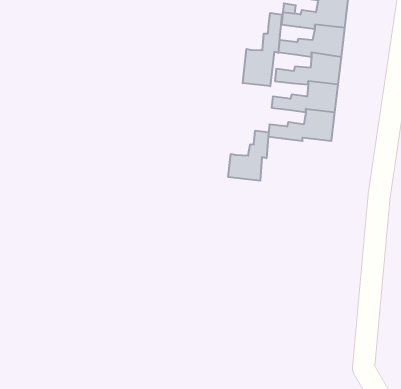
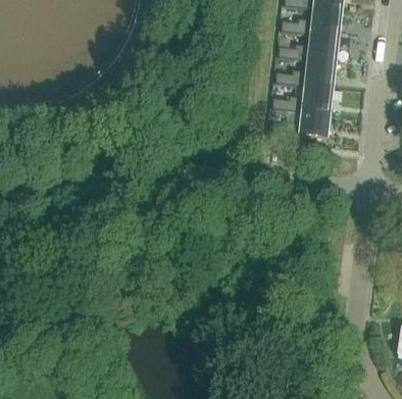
building: [243,13,282,86] -> none
building: [228,131,269,181] -> none

